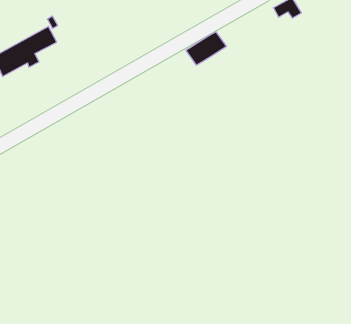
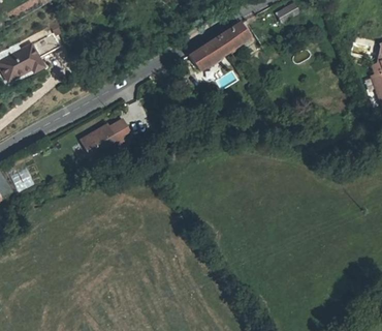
building: none -> [219,22,251,51]
building: none -> [81,118,129,160]

